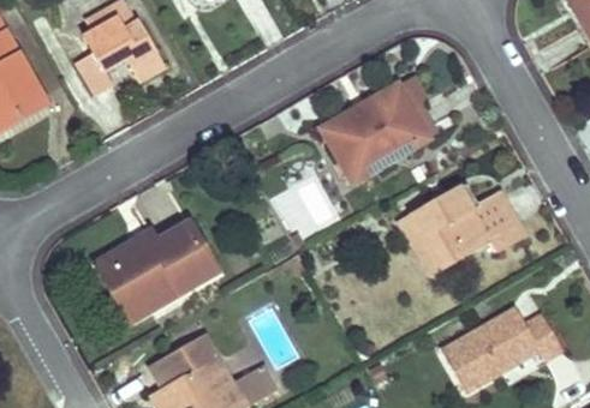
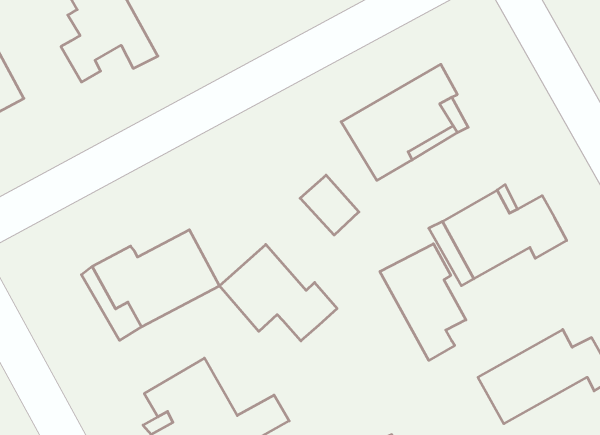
building: none -> [380,244,466,360]
building: none -> [219,244,337,341]

